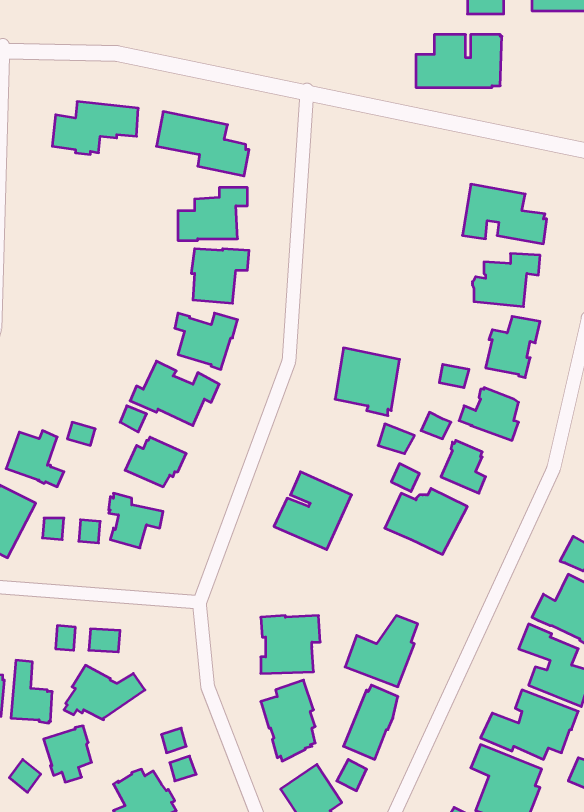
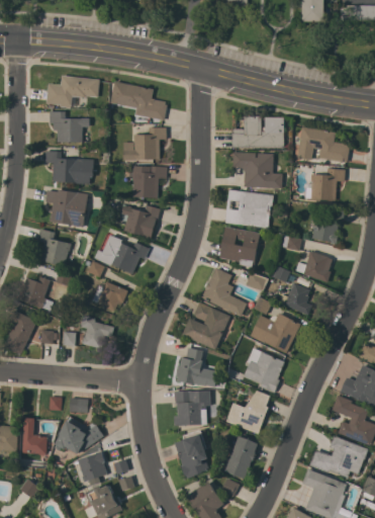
building: [416,35,502,87] -> [231,115,284,148]
building: none -> [50,111,89,143]
building: none -> [45,150,93,184]
building: none -> [232,152,282,187]
building: none -> [45,189,88,227]
building: none -> [224,189,273,228]
building: none -> [37,229,71,266]
building: none -> [201,266,247,317]
building: none -> [175,347,217,386]
building: none -> [244,347,284,392]
building: [44,726,92,782] -> [77,451,106,486]

